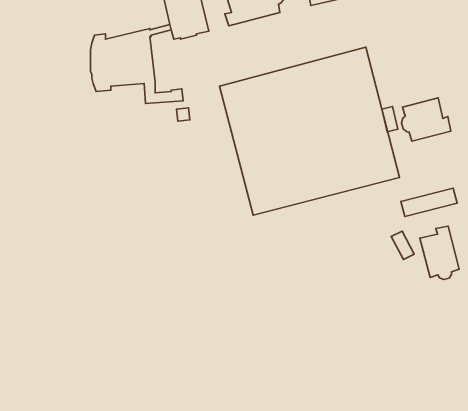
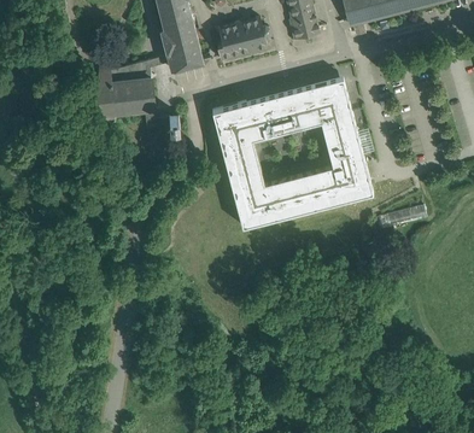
building: [401,98,451,141] -> none
building: [420,226,459,280] -> none

